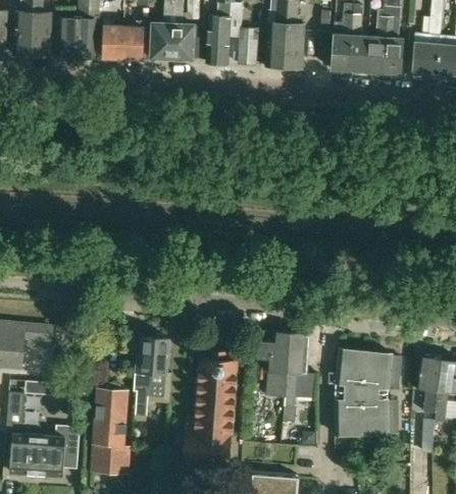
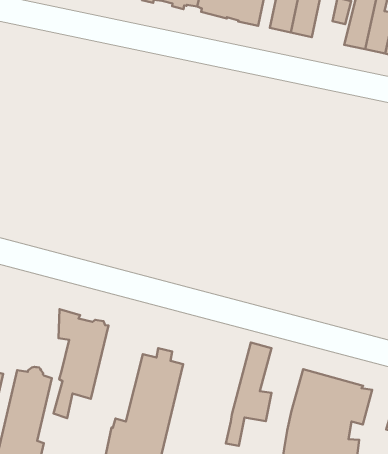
building: [254,332,291,397] -> none

